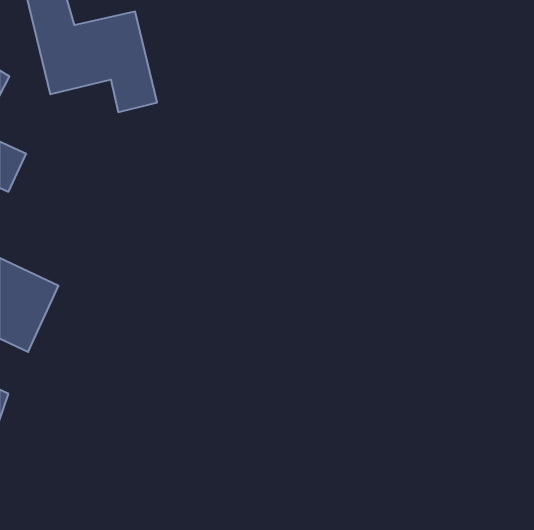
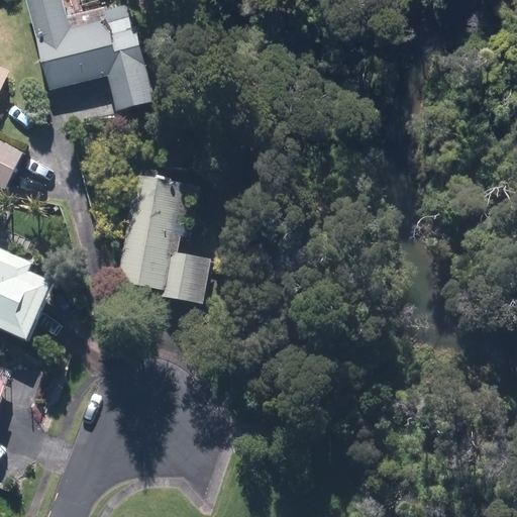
building: none -> [119,175,210,303]

